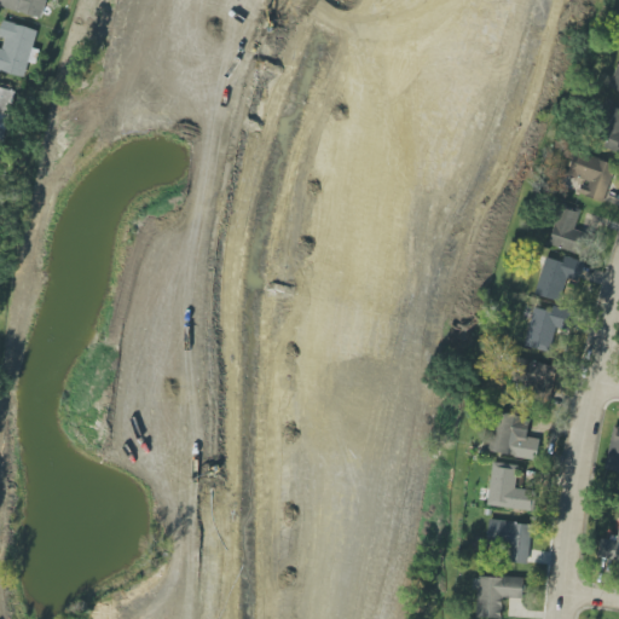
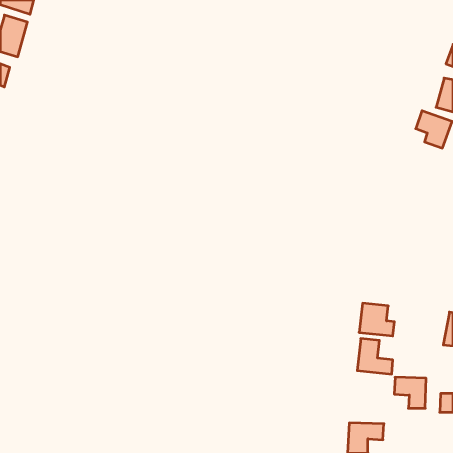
building: [548,207,590,255] -> none
building: [534,256,582,302] -> none
building: [525,306,572,352] -> none
building: [513,358,557,394] -> none
building: [487,521,531,563] -> [394,377,426,408]

